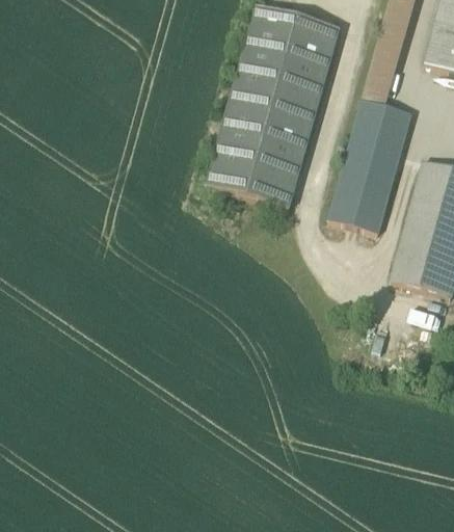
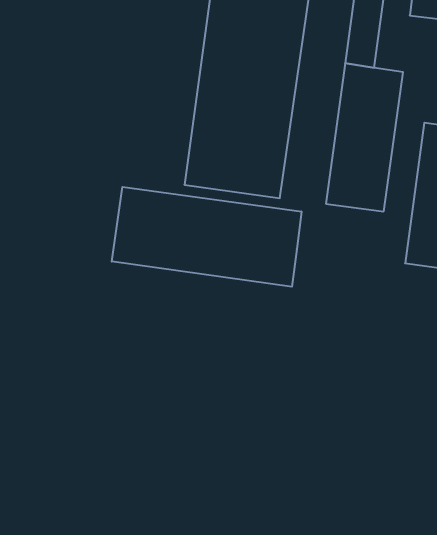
building: none -> [112,187,301,287]

